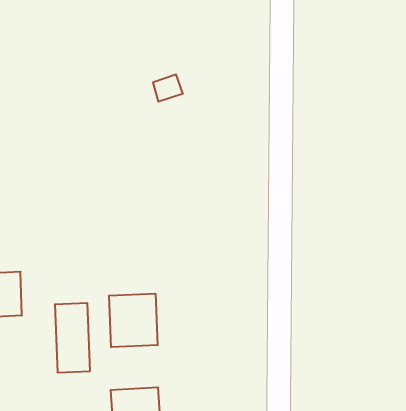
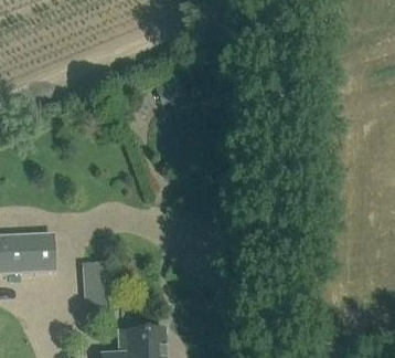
building: [109,294,158,347] -> none

